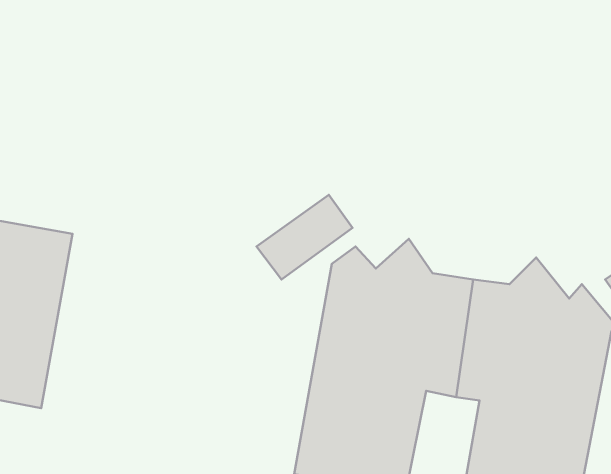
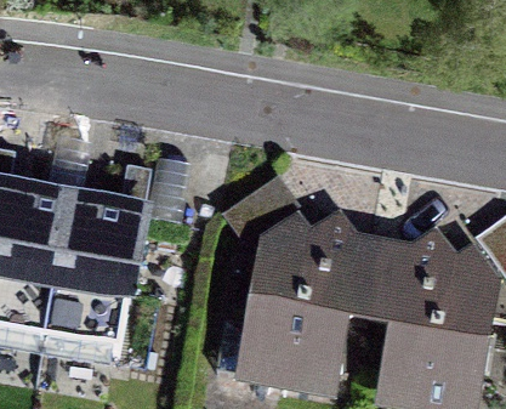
building: none -> [46,203,147,352]

